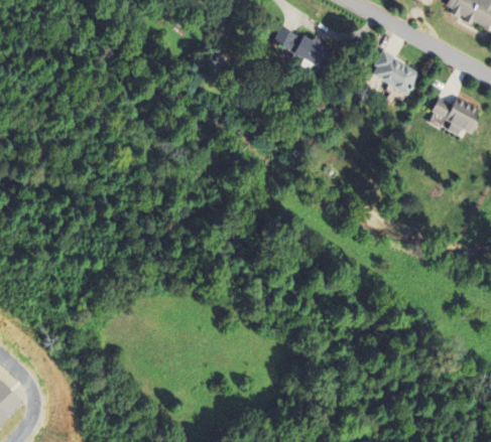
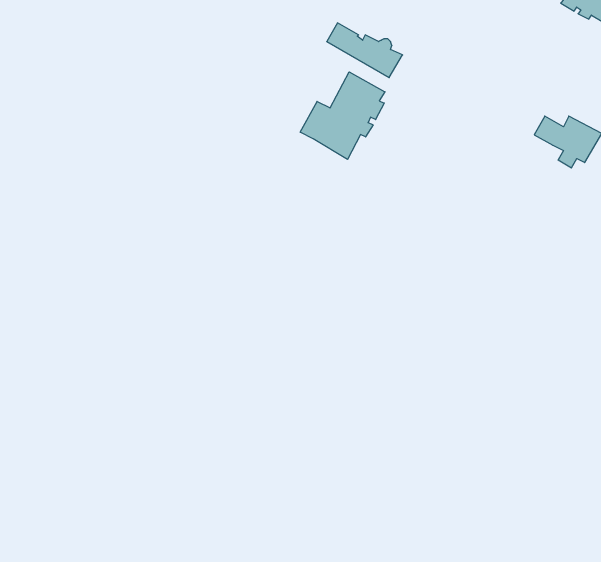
building: [372,49,419,95] -> none
building: none -> [300,72,385,159]

